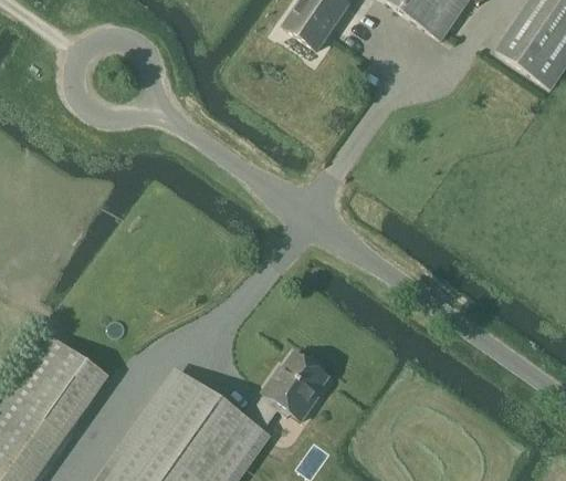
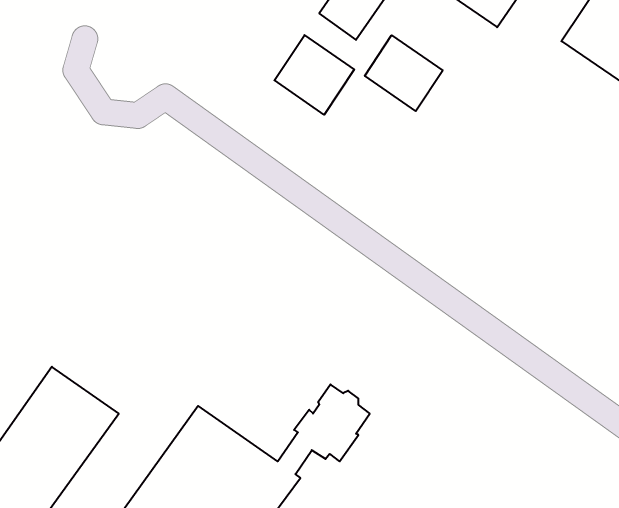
building: none -> [274,35,354,115]
building: none -> [365,35,443,111]

